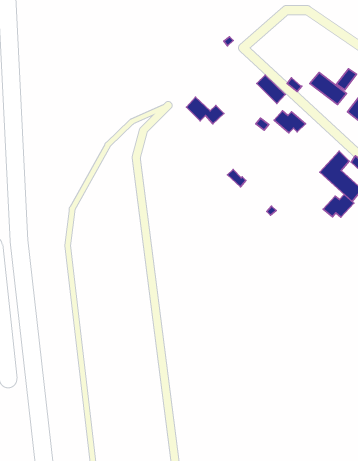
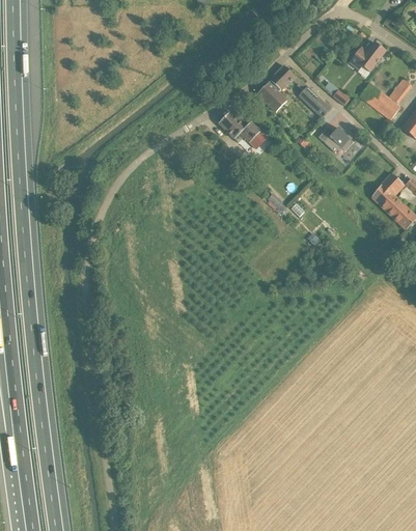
building: none -> [350,41,386,72]
building: none -> [256,65,308,111]
building: [323,195,354,217] -> none

